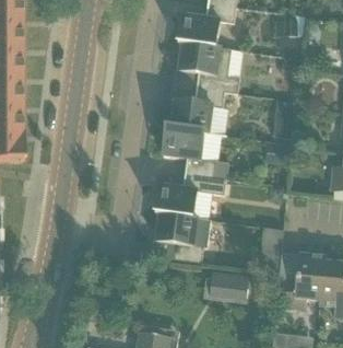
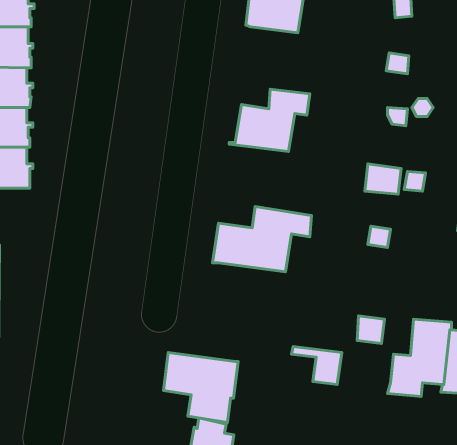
building: [178,43,238,93] -> none
building: [163,127,227,178] -> none
building: [155,212,209,263] -> [164,352,238,422]

